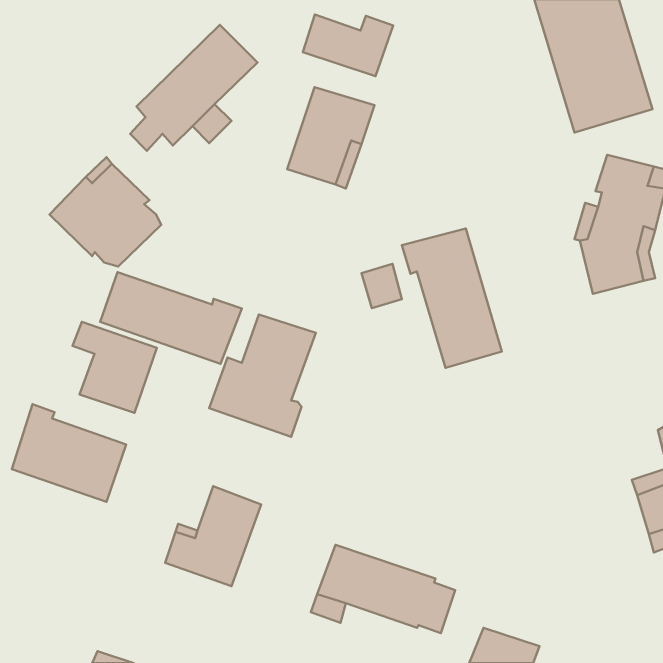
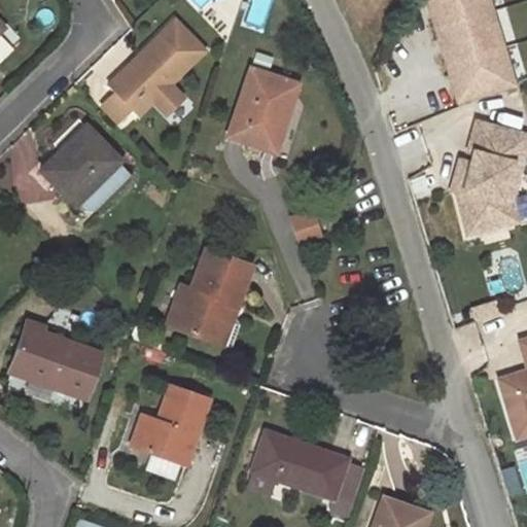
building: [303,15,393,76] -> none
building: [402,228,502,368] -> none
building: [100,272,242,364] -> none
building: [73,322,157,413] -> none

